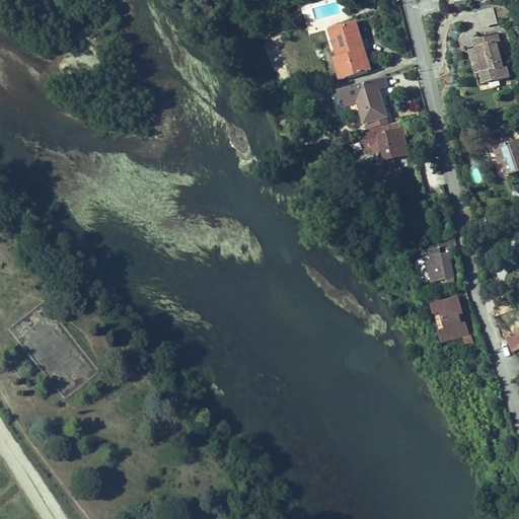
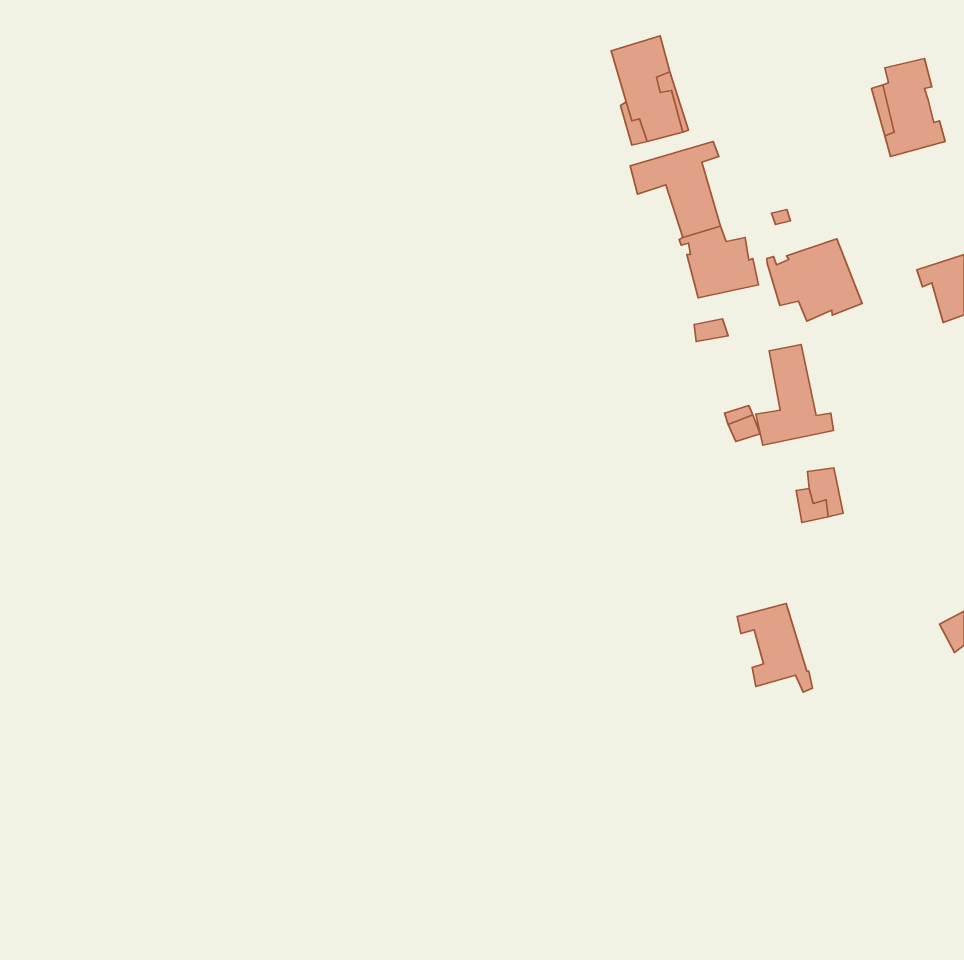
building: none -> [767,239,862,321]
building: none -> [756,344,833,445]
building: [431,296,471,344] -> [737,603,813,692]

